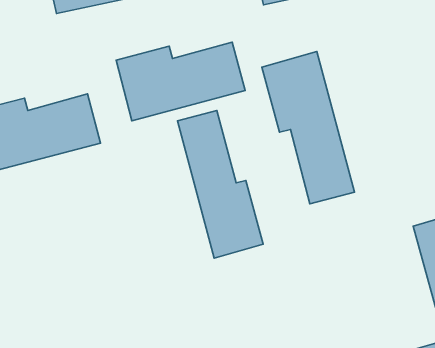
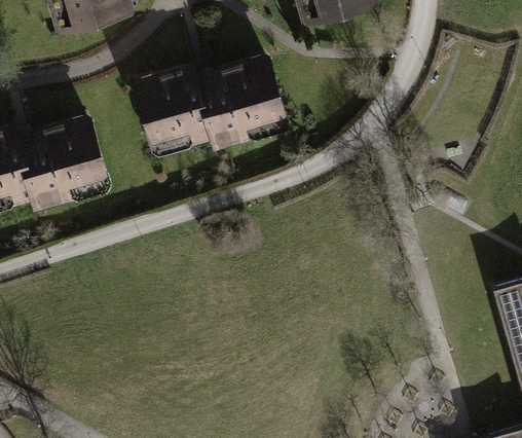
building: [262,52,354,204] -> none
building: [177,110,263,258] -> none

